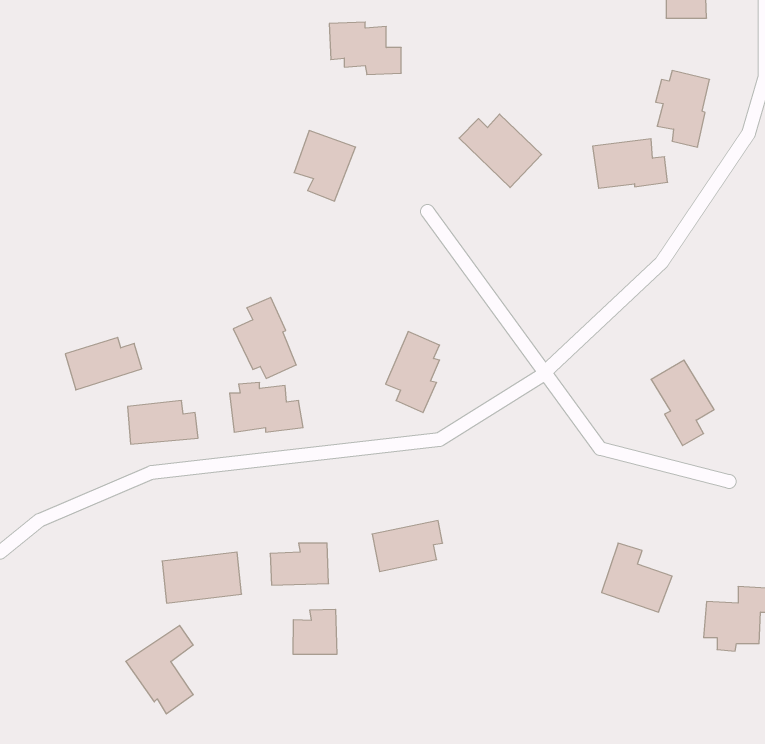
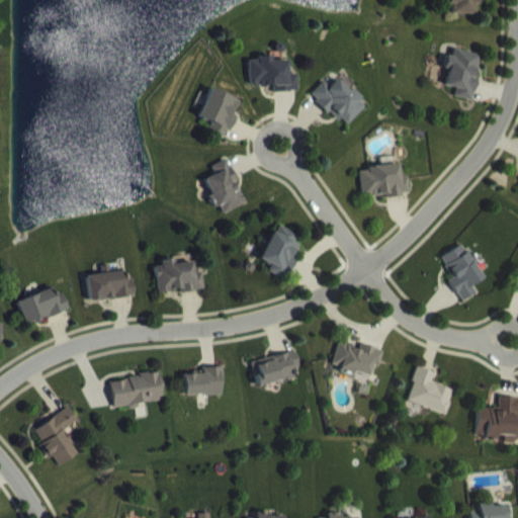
building: [329,22,401,75] -> [249,56,297,91]
building: [593,139,668,188] -> [359,163,410,196]
building: [233,297,296,378] -> [202,158,245,212]
building: [65,337,142,390] -> [17,288,69,324]
building: none -> [331,341,383,376]
building: [293,609,337,654] -> none
building: [126,625,193,714] -> [32,406,78,465]

